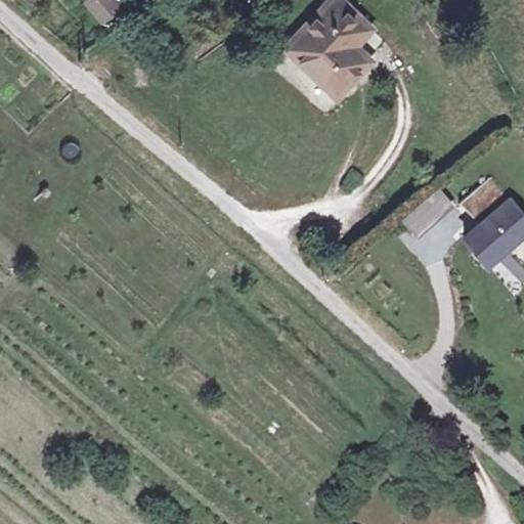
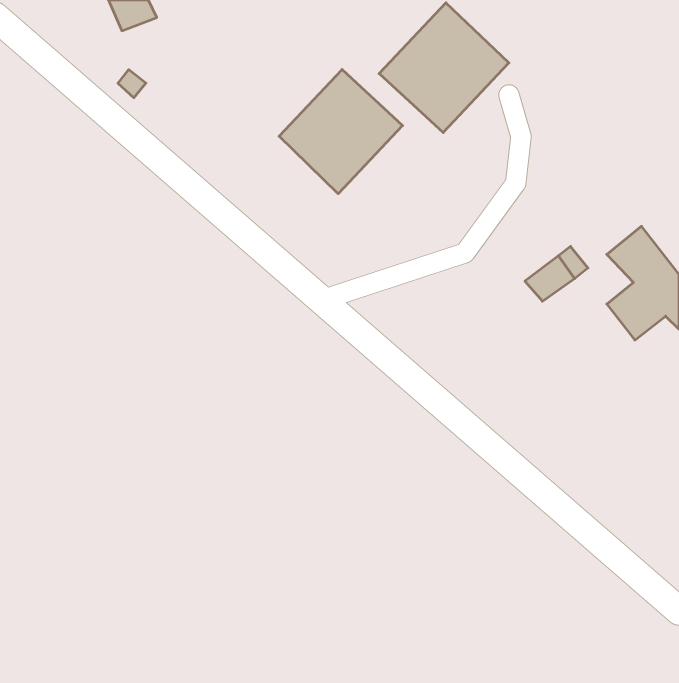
building: none -> [279,69,403,194]

